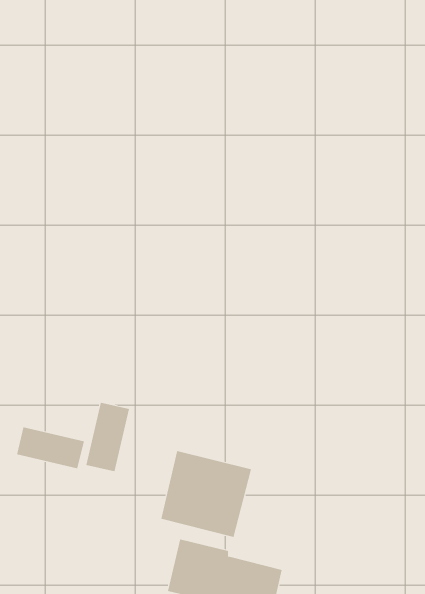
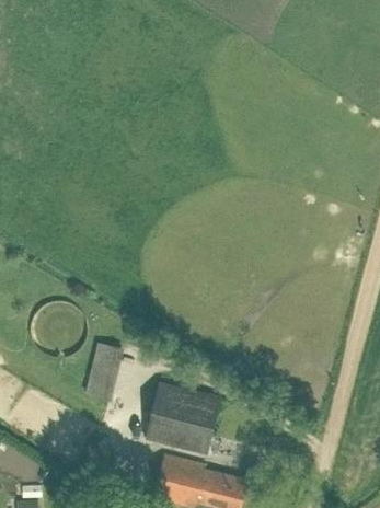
building: [16,427,84,469] -> none

